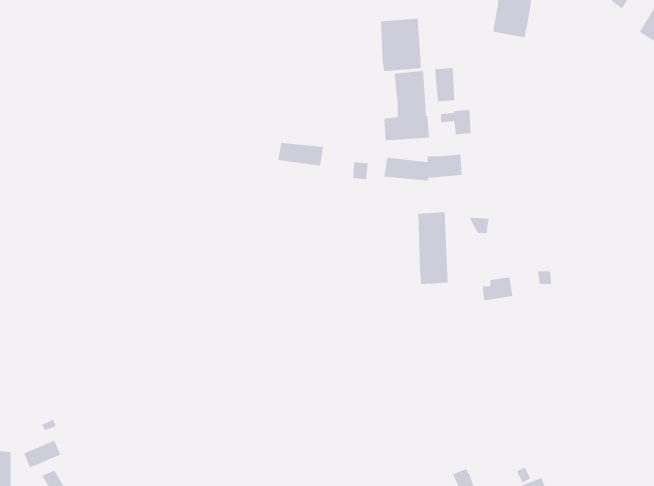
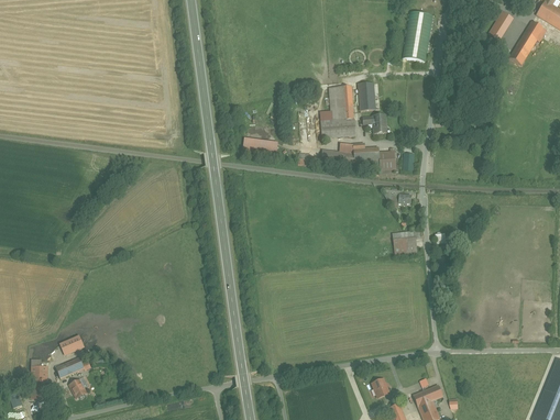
building: [380,18,421,72] -> none
building: [418,211,448,285] -> none

